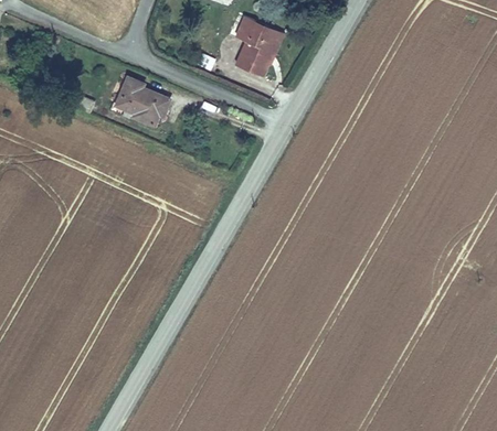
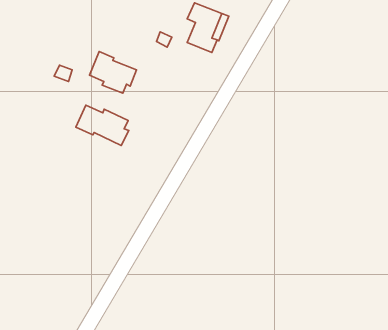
building: none -> [76,105,129,145]

